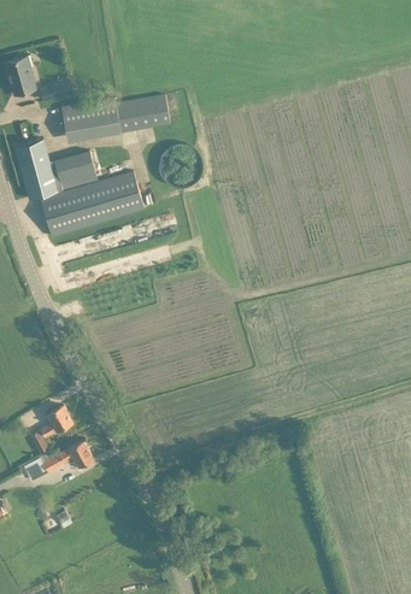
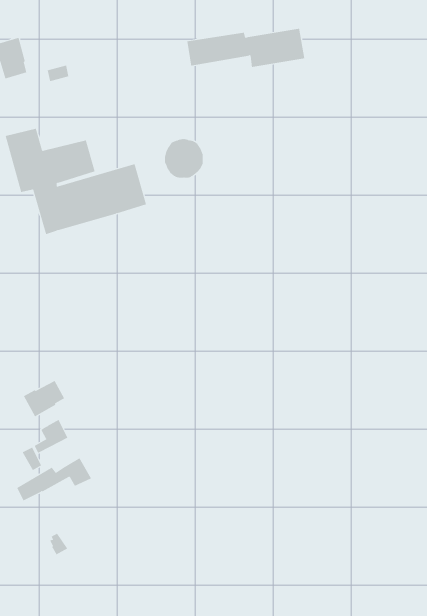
building: [60,96,169,133] -> [187,28,305,68]
building: none -> [23,380,65,417]

